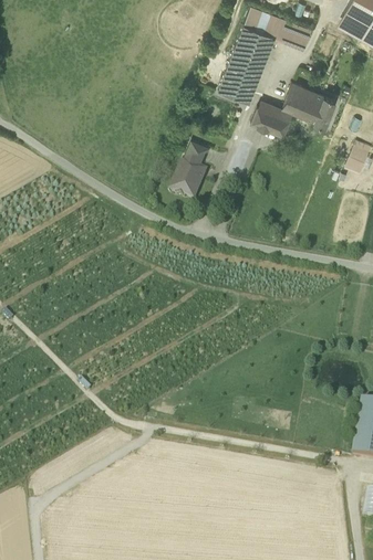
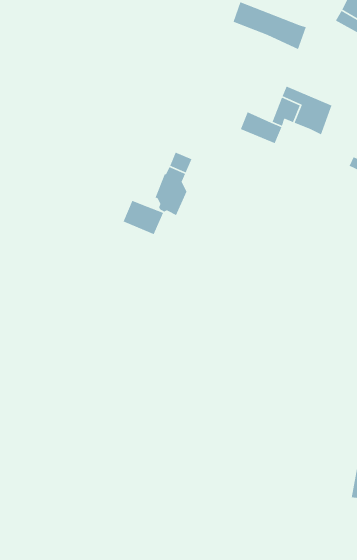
building: [217,25,274,103] -> none
building: none -> [123,200,164,235]

